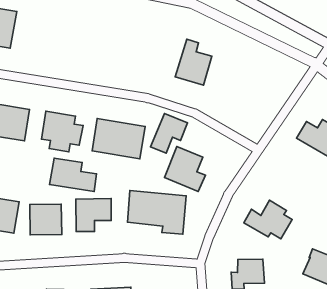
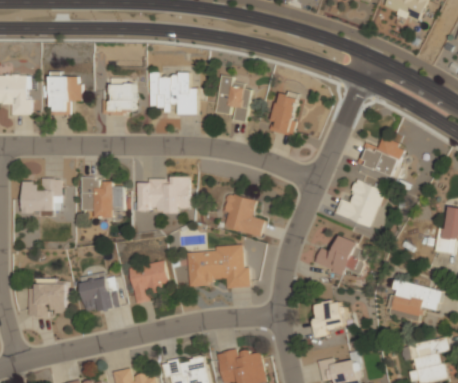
building: none -> [42,76,82,112]
building: none -> [149,73,195,114]
building: none -> [102,80,135,113]
building: none -> [268,90,300,136]
building: [151,113,187,153] -> none
building: none -> [334,180,383,228]
building: [50,158,97,192] -> none

